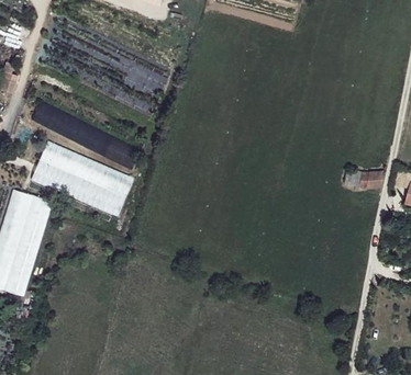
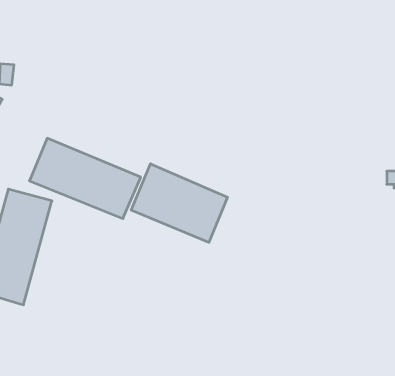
building: none -> [131,164,227,242]

